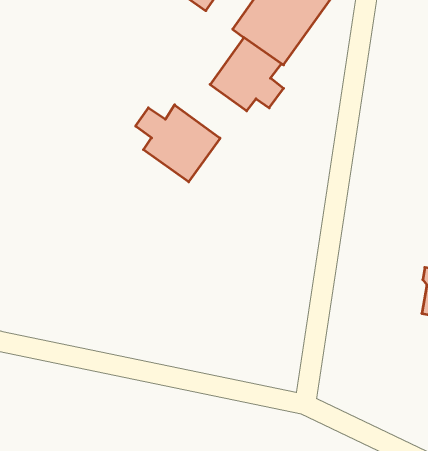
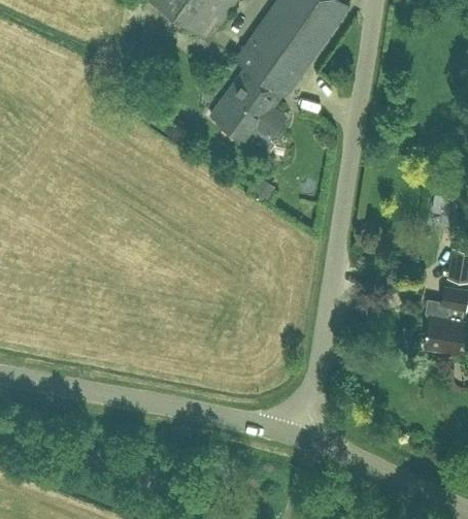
building: [136,105,220,182] -> none

